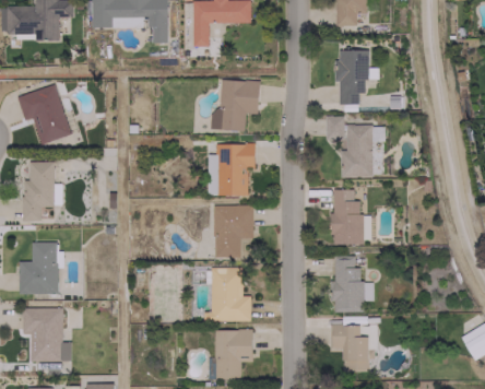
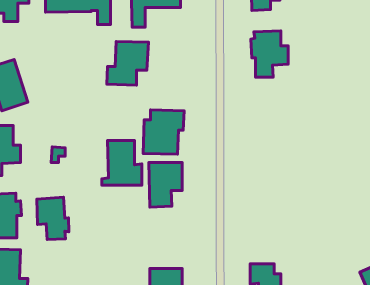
building: [211,80,260,131] -> [107,41,149,85]
building: [326,116,386,177] -> none
building: [333,190,371,244] -> none
building: none -> [37,197,69,239]
building: [333,257,374,311] -> none
building: [204,268,251,320] -> [102,141,142,185]

